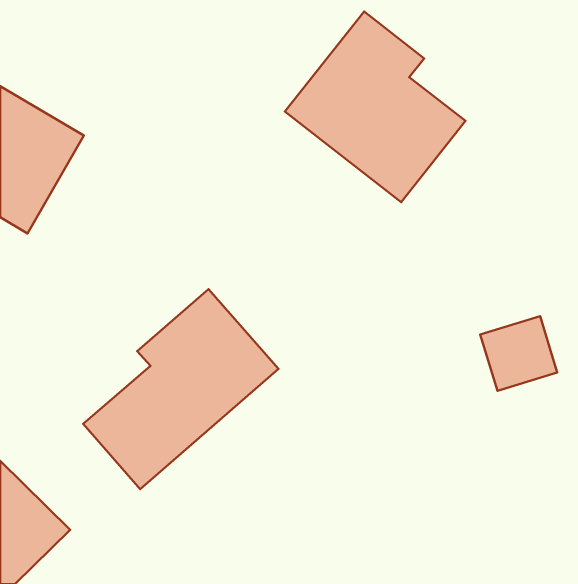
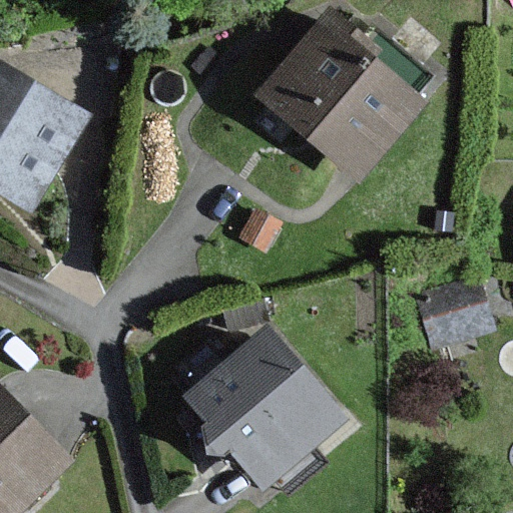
building: [83,289,279,489] -> none
building: none -> [186,334,341,490]

